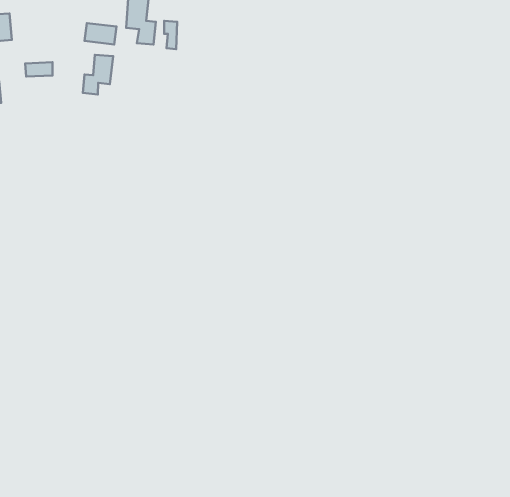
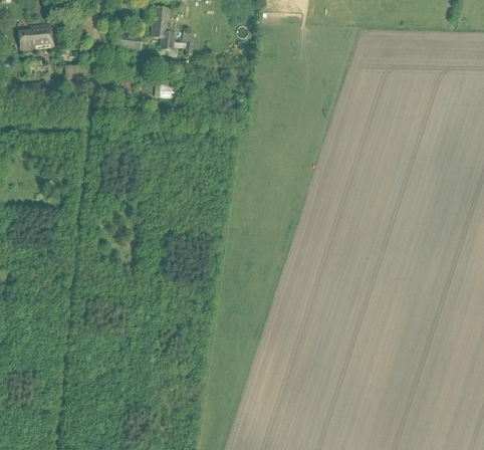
building: [83,55,113,95] -> none

